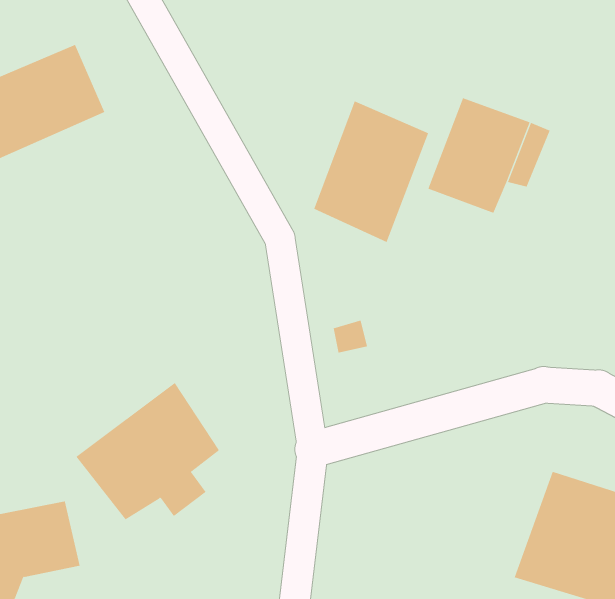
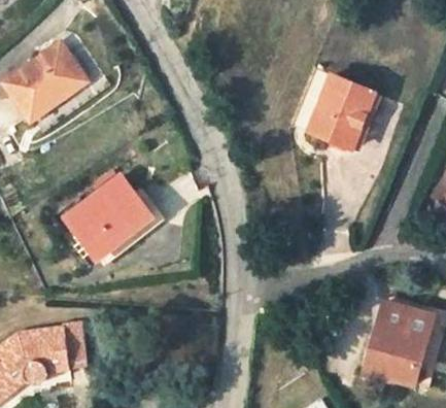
building: [313,100,429,243] -> none
building: [75,382,220,520] -> [62,171,151,257]

